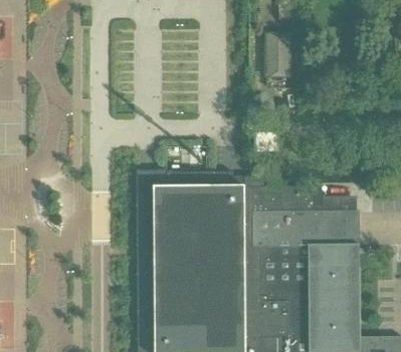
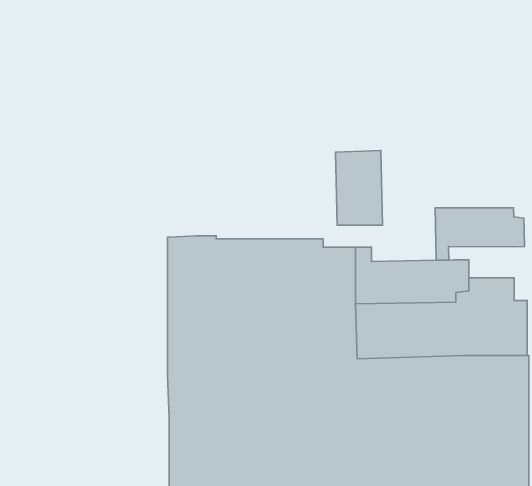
building: [263,32,292,78] -> [335,151,382,225]
building: none -> [435,208,524,260]

